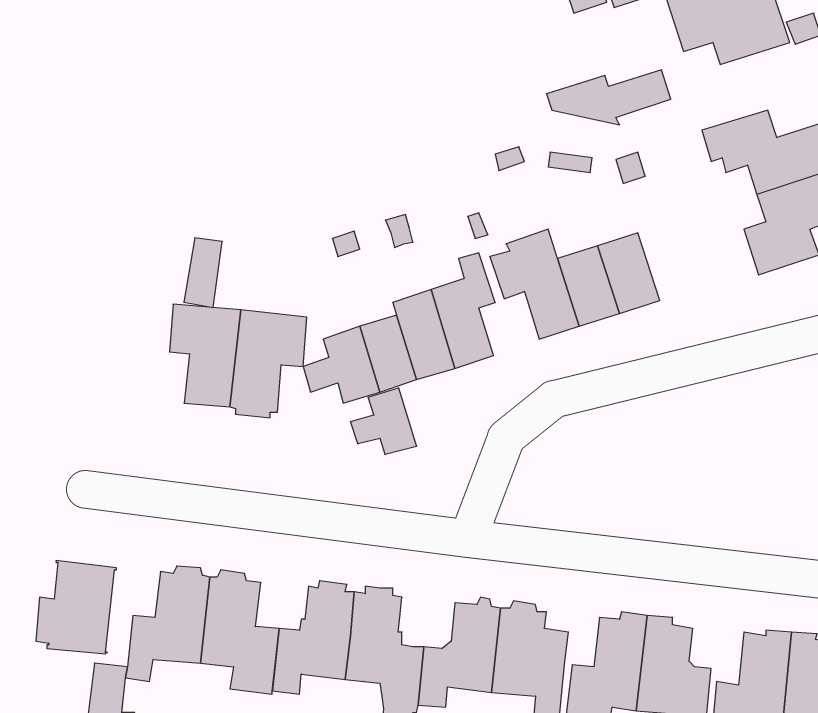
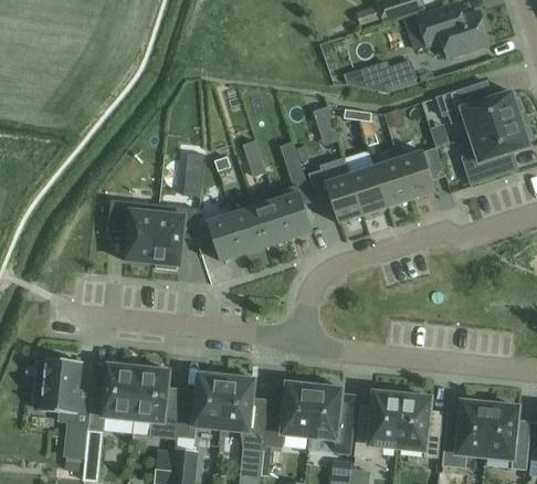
building: none -> [398,147,445,200]
building: [184,238,222,308] -> [180,154,203,196]
building: [351,388,417,455] -> none

